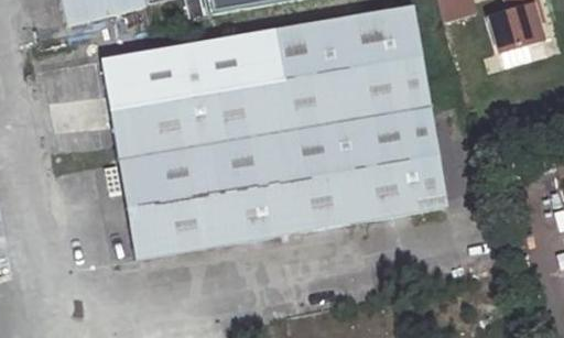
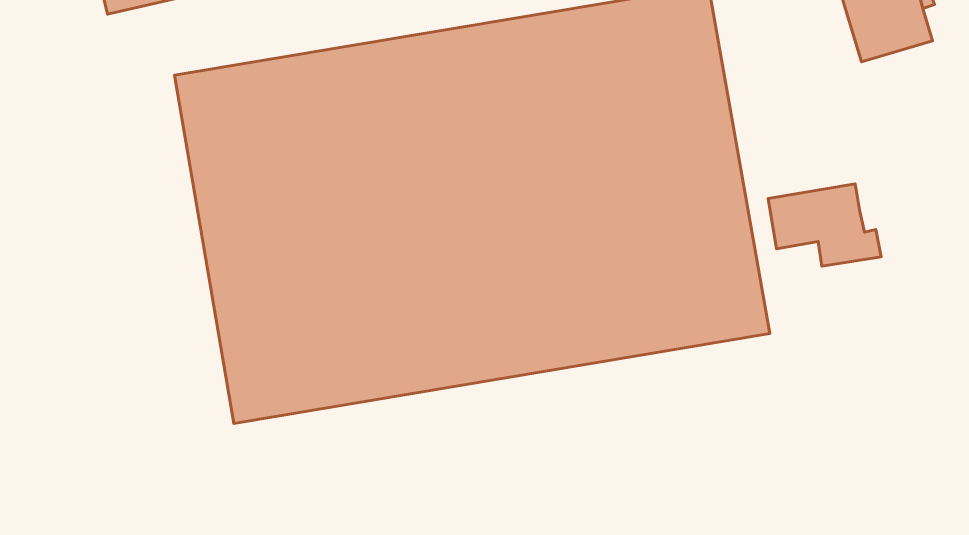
building: none -> [768,184,881,266]

